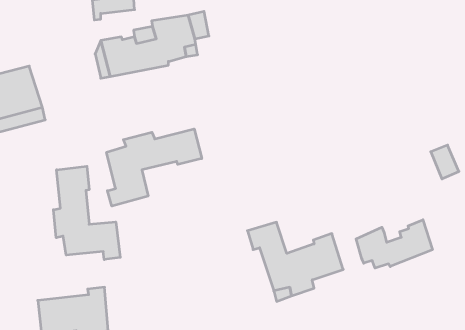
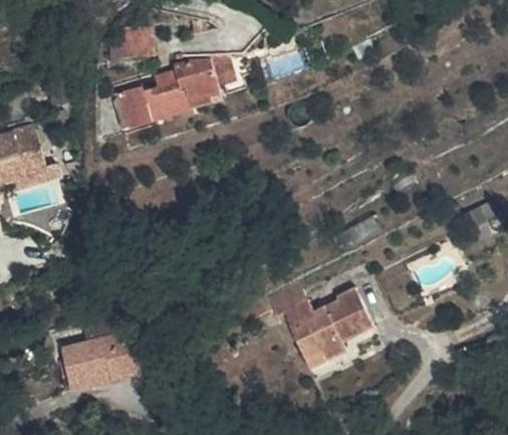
building: [107,129,202,206] -> none
building: [53,166,120,260] -> none
building: [356,220,432,268] -> none

